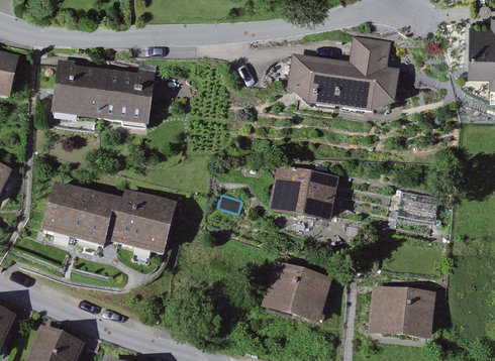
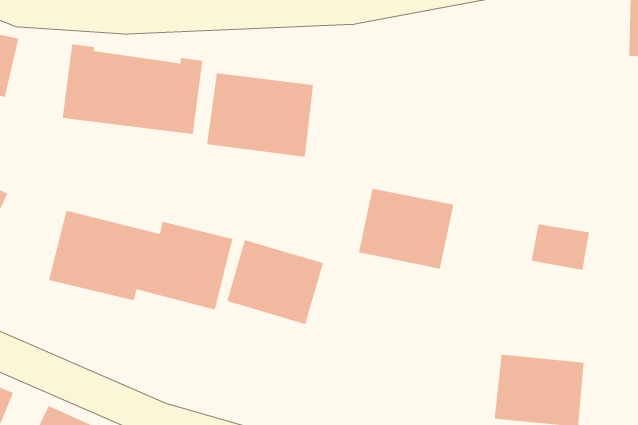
building: [287,34,400,112] -> none
building: none -> [207,72,314,157]
building: [262,261,333,324] -> [226,240,324,325]

